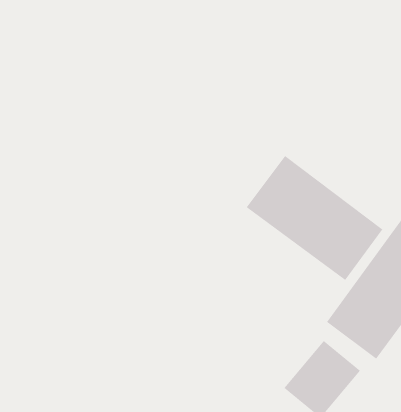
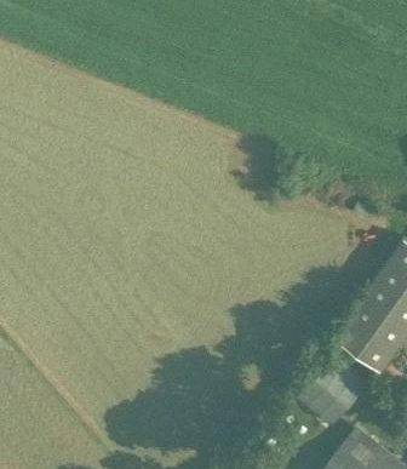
building: [246,155,383,281] -> none

